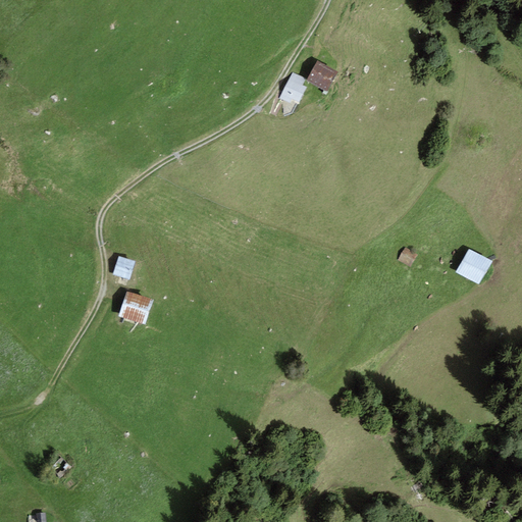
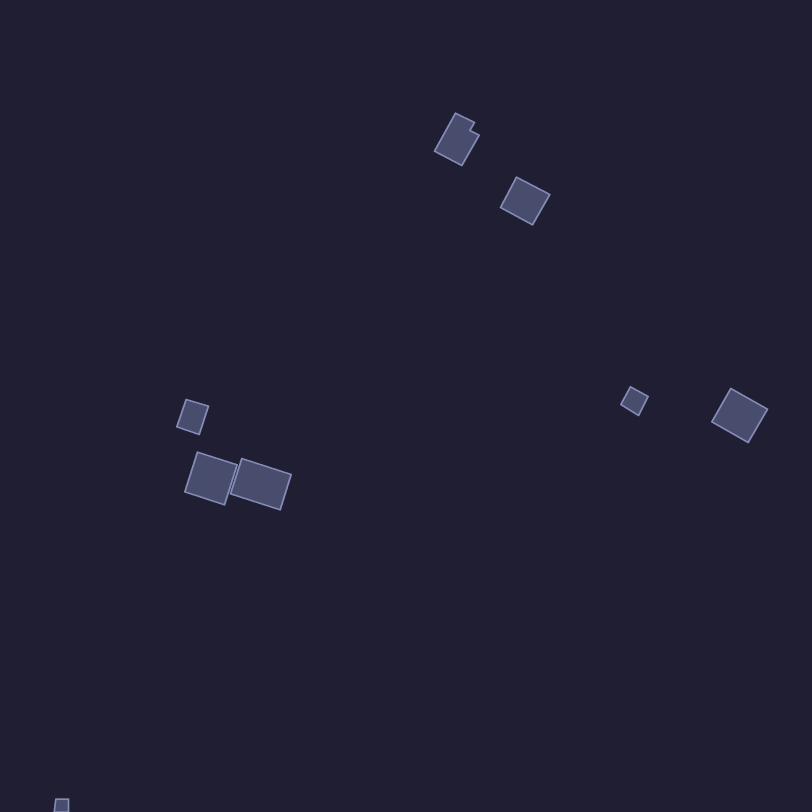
building: [306,60,337,91] -> [501,177,550,225]
building: none -> [230,459,291,510]

